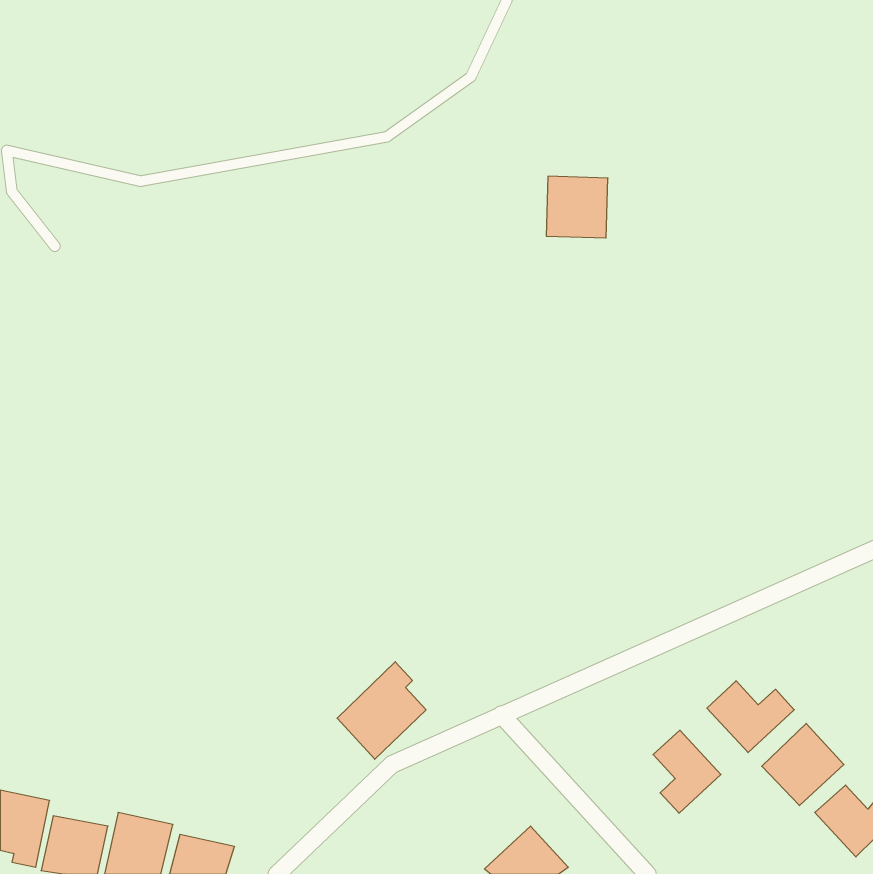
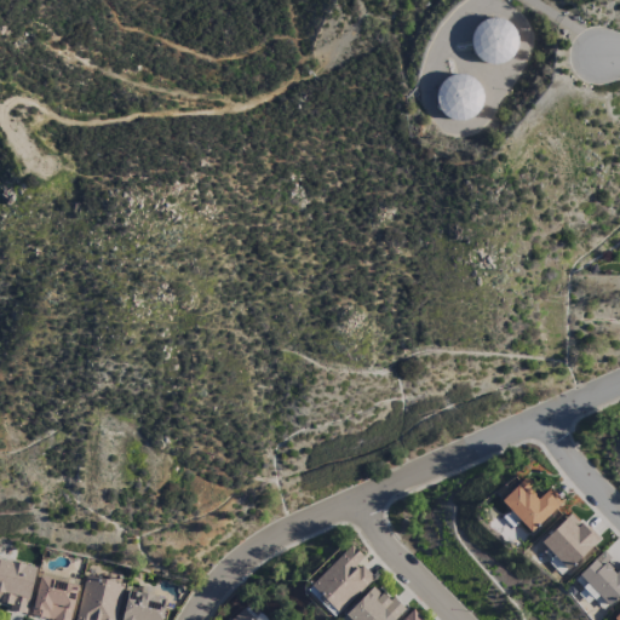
building: none -> [466,16,530,69]
building: [546,176,608,238] -> [437,75,481,119]
building: [337,662,426,759] -> [310,545,373,614]
building: [653,730,721,813] -> none

